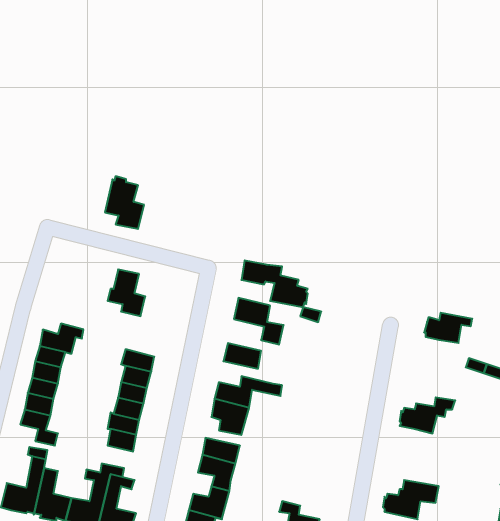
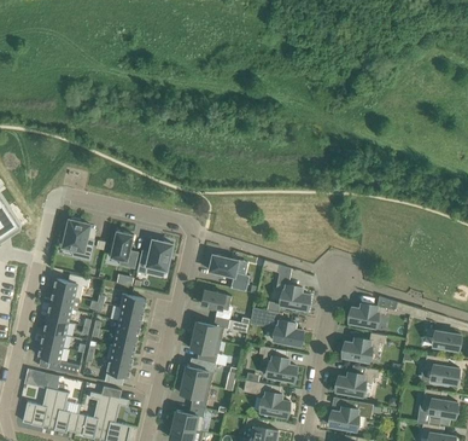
building: [105,176,144,229] -> [63,217,94,260]
building: [241,260,308,307] -> [250,308,303,346]
building: none -> [136,239,172,274]
building: [424,313,472,343] -> [347,303,386,327]
building: none -> [275,283,310,311]
building: none -> [258,346,297,382]
building: none -> [334,365,379,398]
building: none -> [244,381,289,417]

